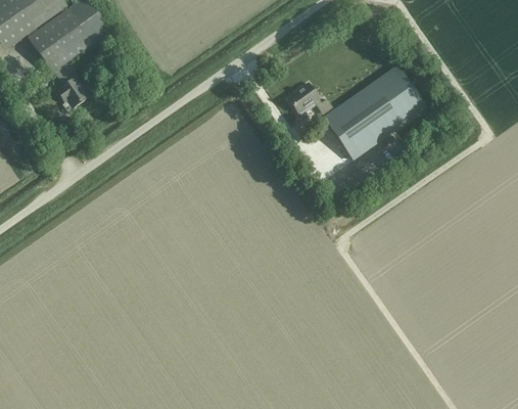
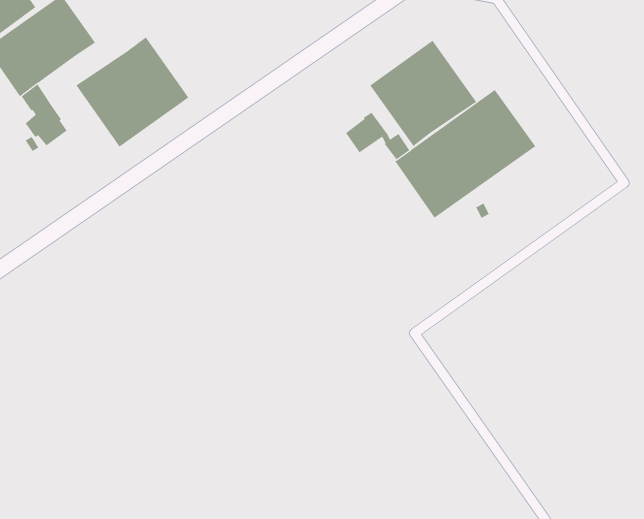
building: none -> [76,36,189,147]
building: none -> [370,40,476,147]

